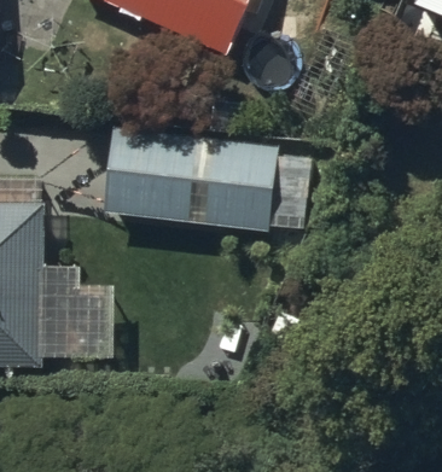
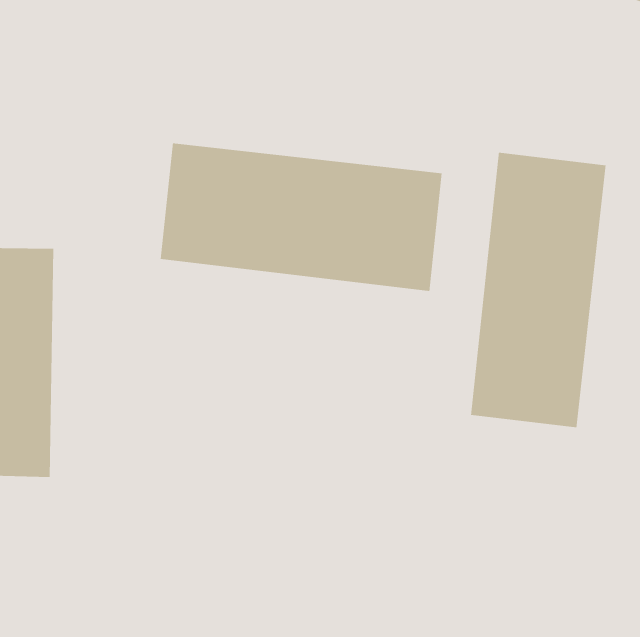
building: none -> [471,152,606,428]

